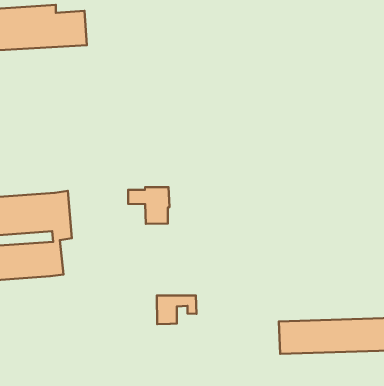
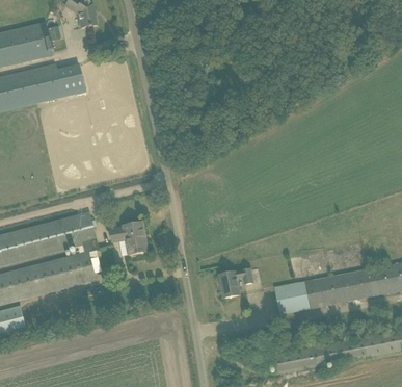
building: [128,187,169,224] -> [109,222,145,254]
building: [157,295,197,324] -> [218,268,252,296]

